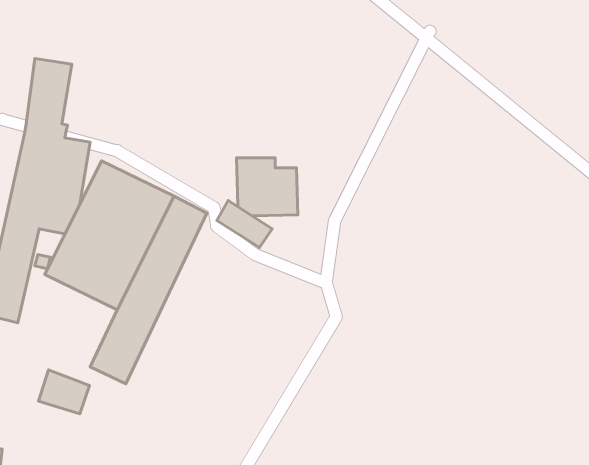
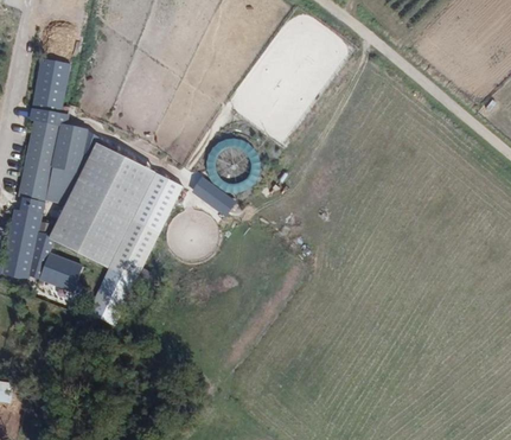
building: [38,370,90,414] -> [39,251,82,288]

